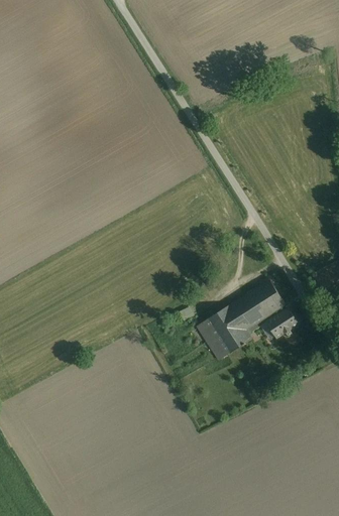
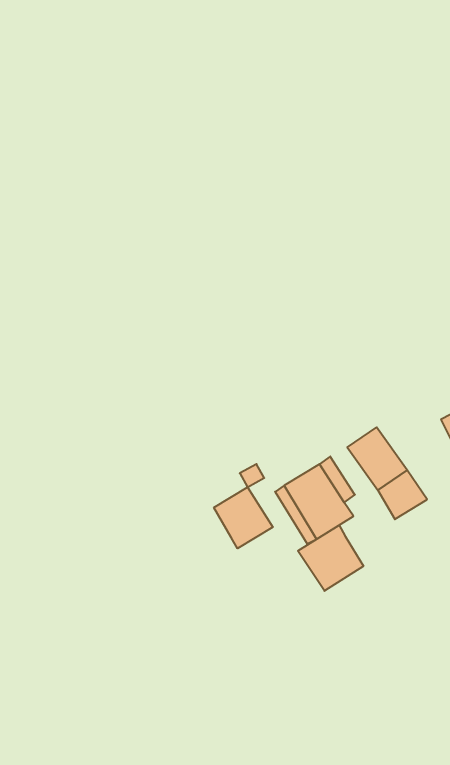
building: none -> [214,487,273,548]
building: none -> [298,525,363,591]

